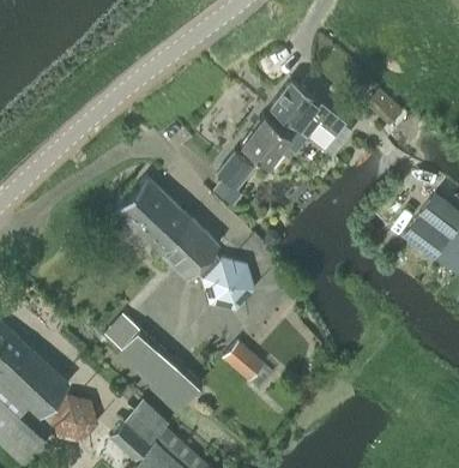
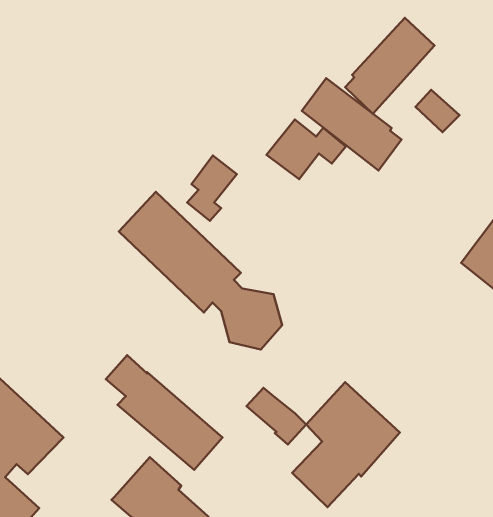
building: none -> [345,18,434,114]
building: [212,151,254,206] -> [187,156,237,221]
building: none -> [292,382,400,507]
building: [52,396,96,440] -> none

